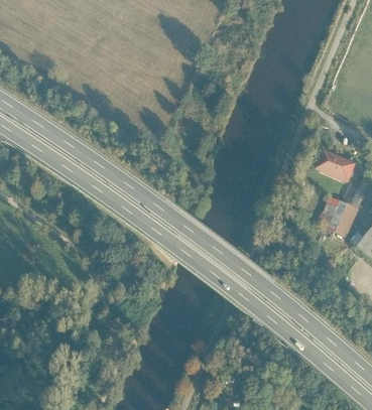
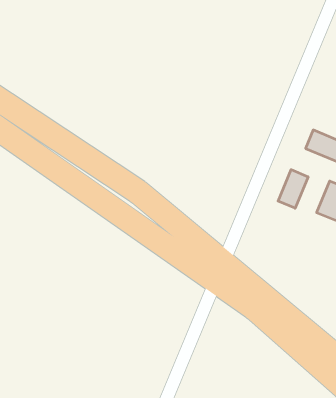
building: none -> [278,170,308,208]

